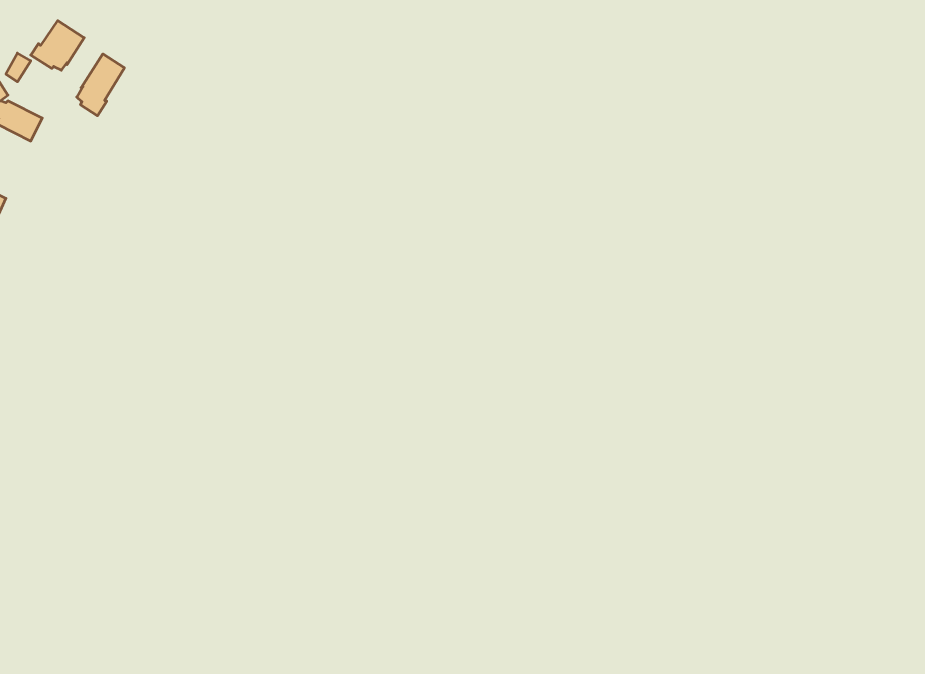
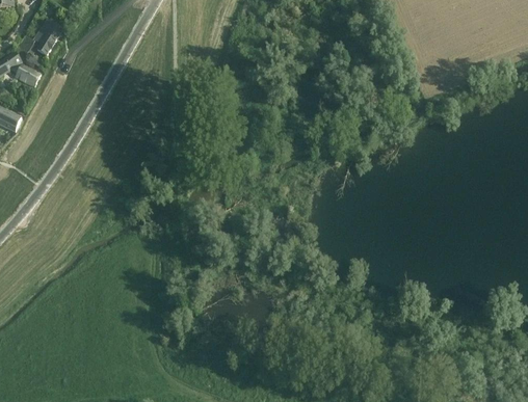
building: [77,54,124,116] -> none

